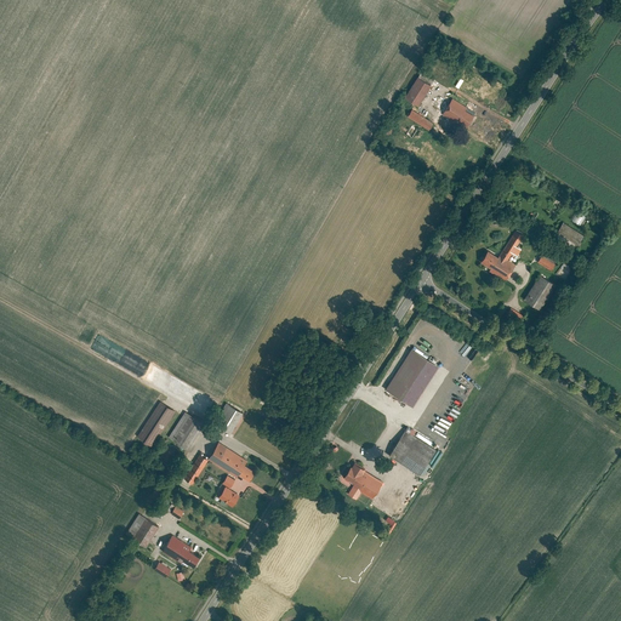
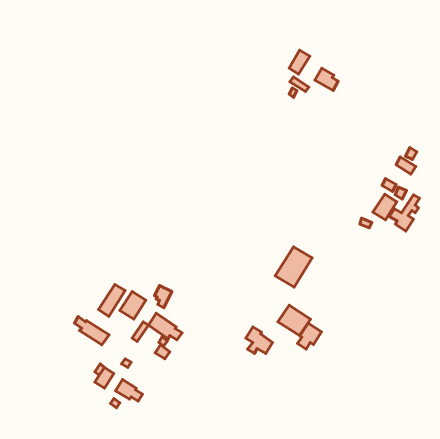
building: [482,232,524,283] -> [389,195,420,231]
building: none -> [74,317,109,345]
building: none -> [298,323,322,349]

